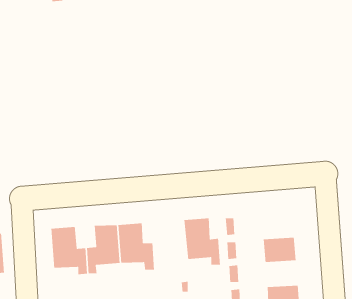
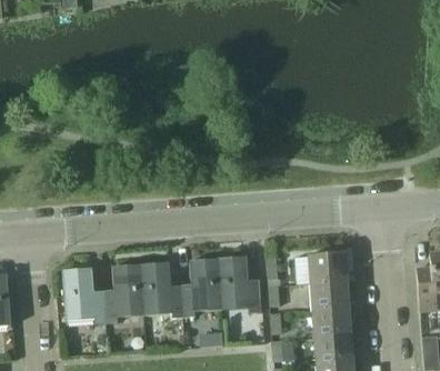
building: none -> [307,251,346,282]
building: none -> [181,260,221,319]
building: none -> [311,308,350,338]

